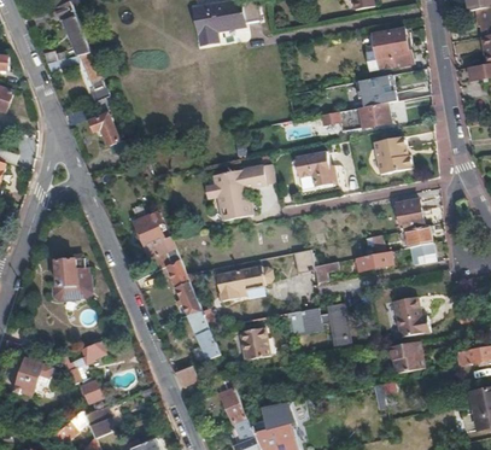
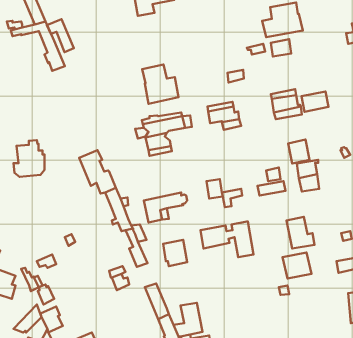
building: [357,103,391,128] -> [302,91,329,112]
building: none -> [142,65,178,104]
building: [89,113,123,154] -> [47,19,74,52]
building: [51,255,89,300] -> [14,140,44,177]

